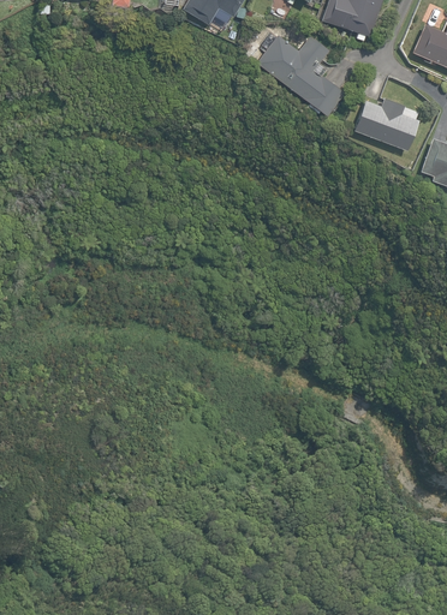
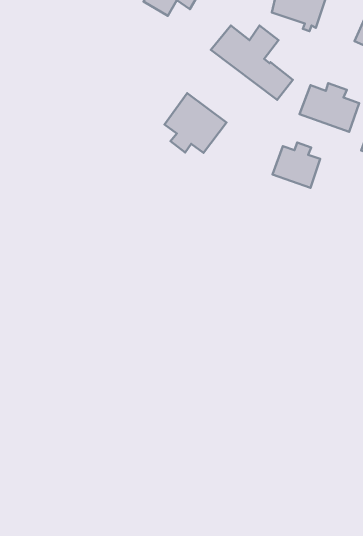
building: none -> [165,93,226,153]
building: none -> [273,142,320,188]

